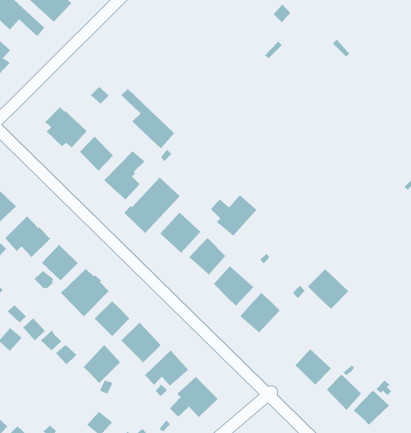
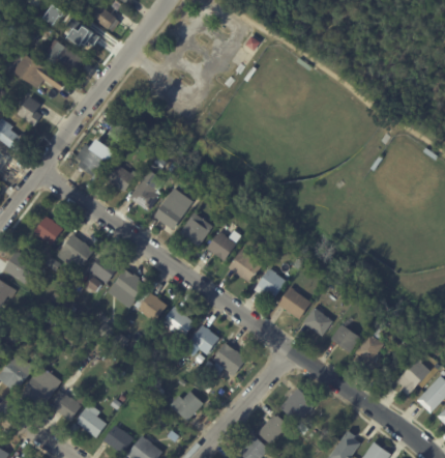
building: [121,88,175,149] -> none
building: [210,194,257,236] -> none
building: [307,268,349,309] -> [276,287,310,319]
building: [83,344,121,384] -> none

